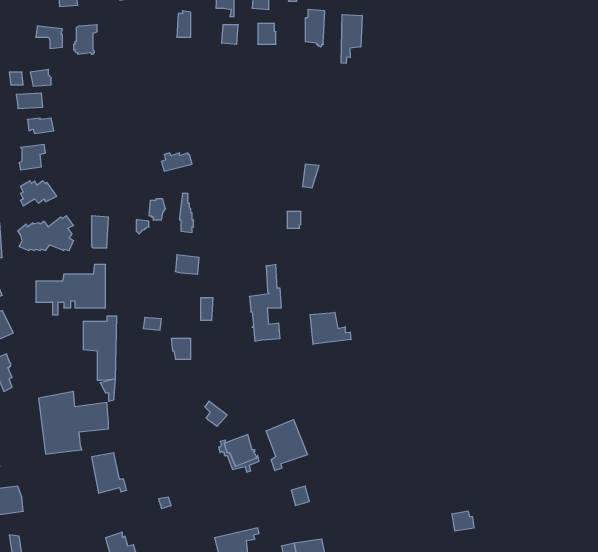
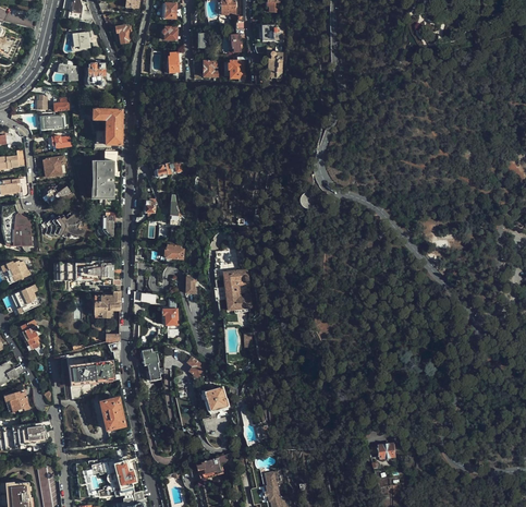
building: [341,15,362,63] -> none
building: none -> [93,109,121,144]
building: none -> [95,155,113,200]
building: [310,312,351,344] -> none
building: none -> [140,349,160,381]
building: [266,420,308,471] -> none

